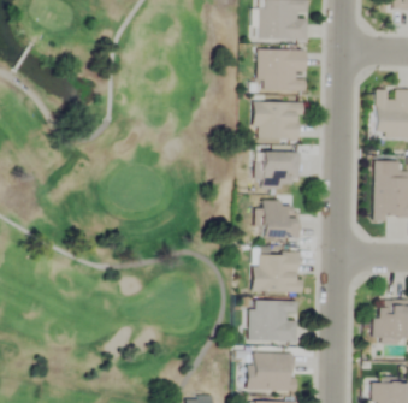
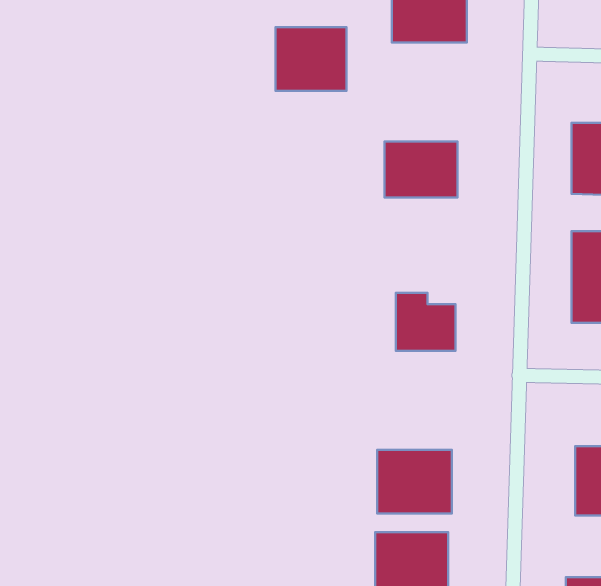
building: [259,51,304,91] -> [276,27,347,91]
building: [261,153,300,188] -> none
building: [255,254,300,294] -> none

